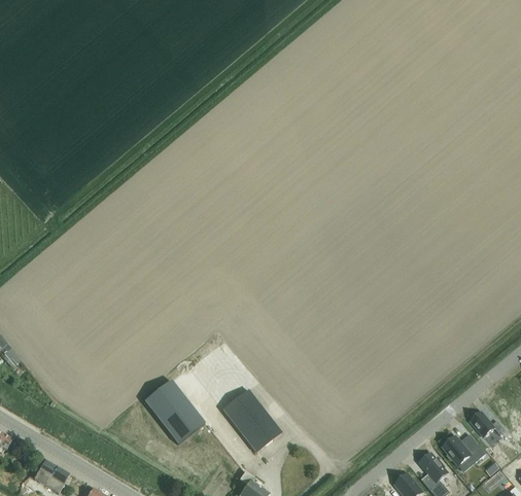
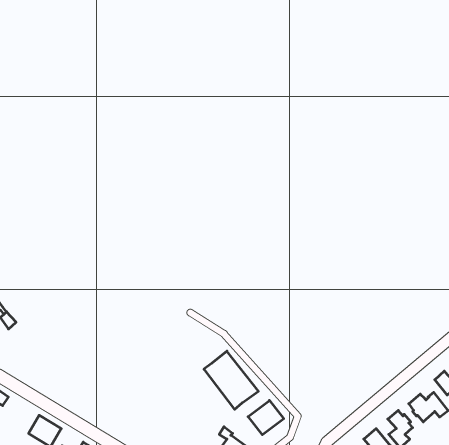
building: [144,380,204,444] -> none
building: none -> [248,400,284,435]

